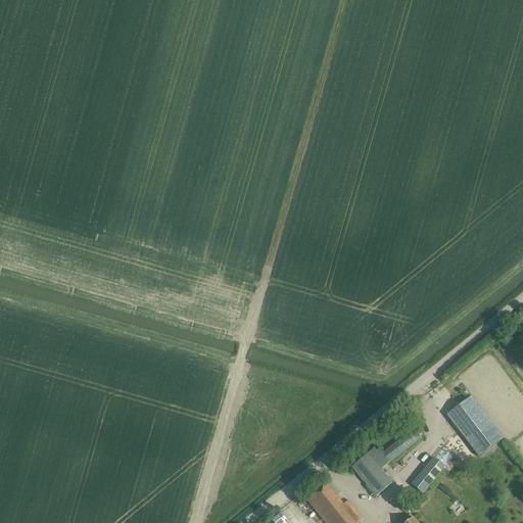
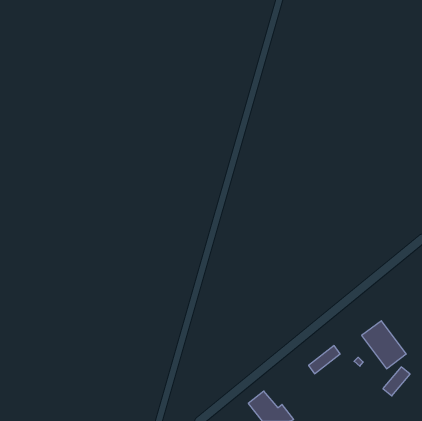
building: [350,451,391,494] -> none
building: [411,456,444,491] -> [383,367,410,396]

